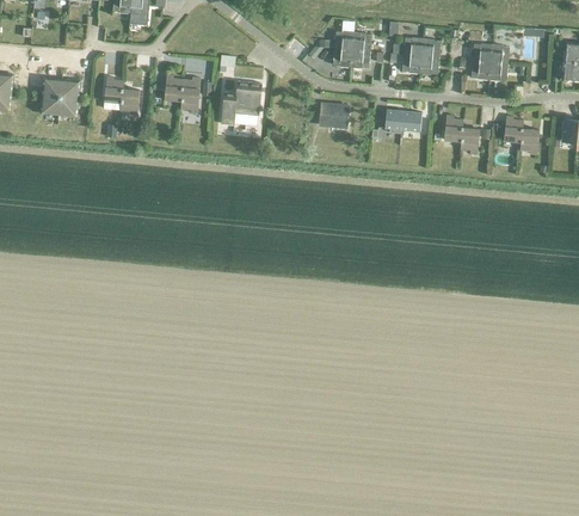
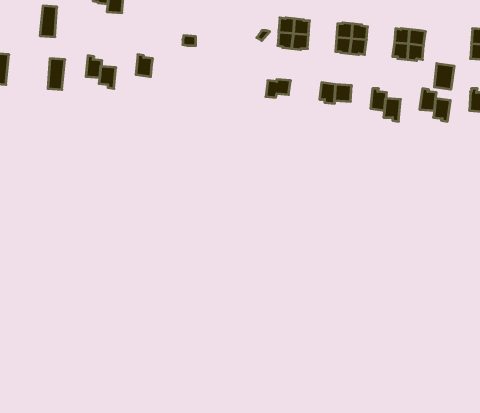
building: [180,76,201,112] -> none
building: [41,78,61,115] -> [40,6,57,37]
building: [221,81,261,124] -> none
building: none -> [434,63,454,89]

